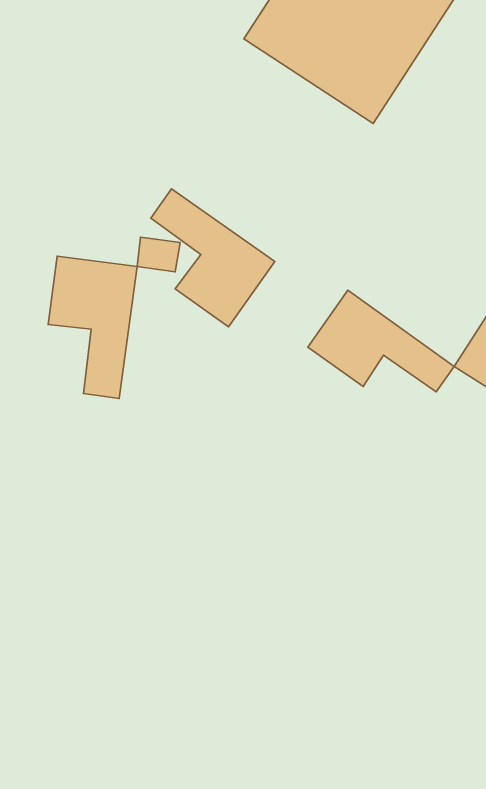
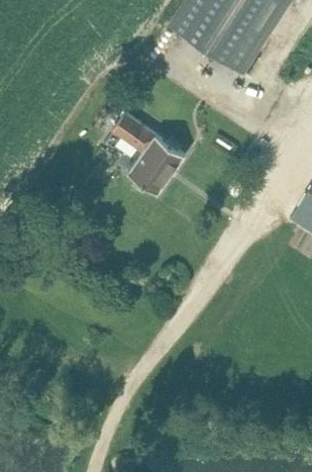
building: [48,256,137,398] -> none
building: [308,290,454,392] -> none

